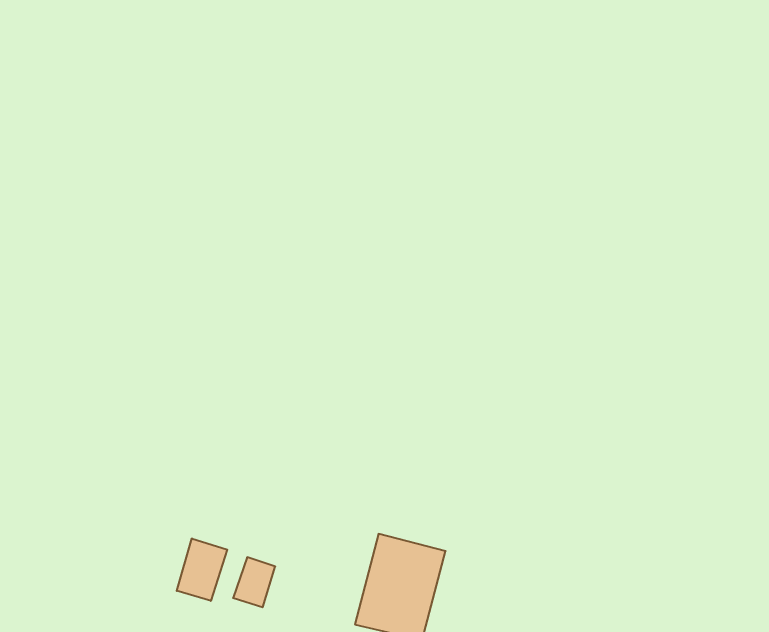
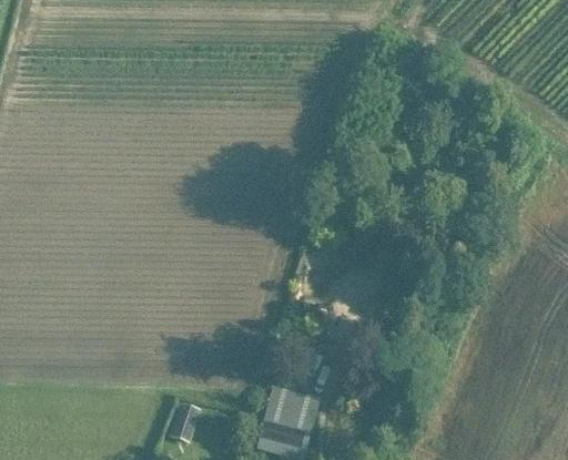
building: [177,538,227,601] -> none

